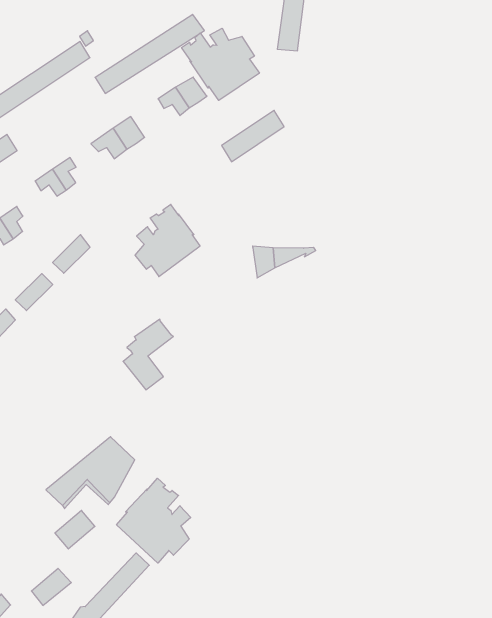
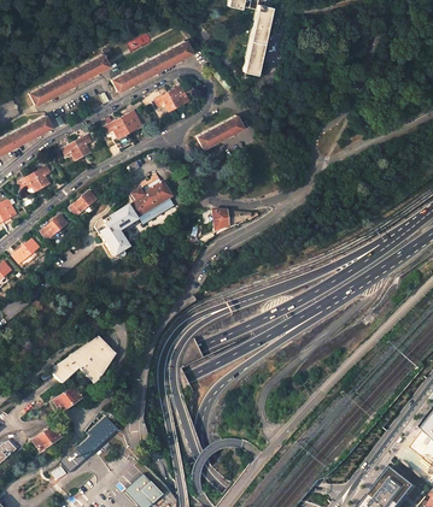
building: [182,28,259,100] -> none
building: [123,319,173,390] -> [99,207,136,257]
building: [117,478,191,563] -> none

